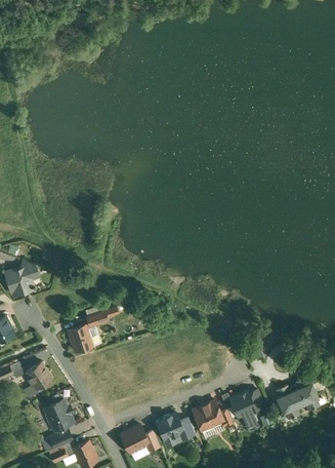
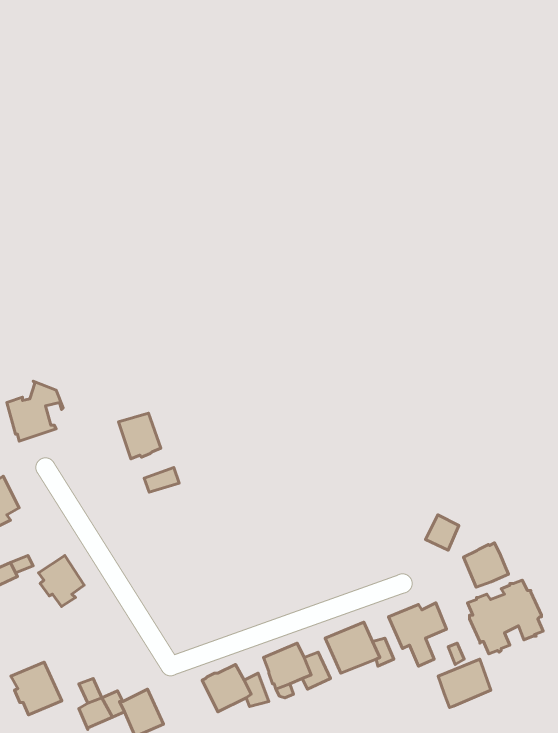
building: [69,325,93,352] -> [119,413,161,459]
building: none -> [463,543,509,587]
building: [44,400,74,431] -> [11,662,62,715]
building: none -> [438,659,491,707]

